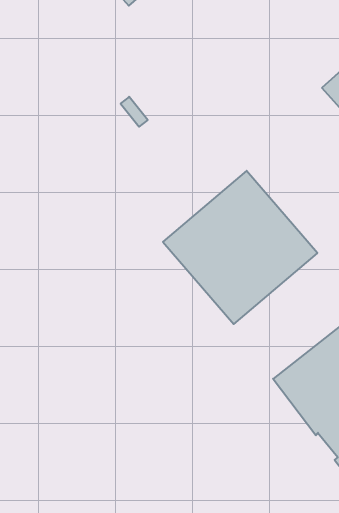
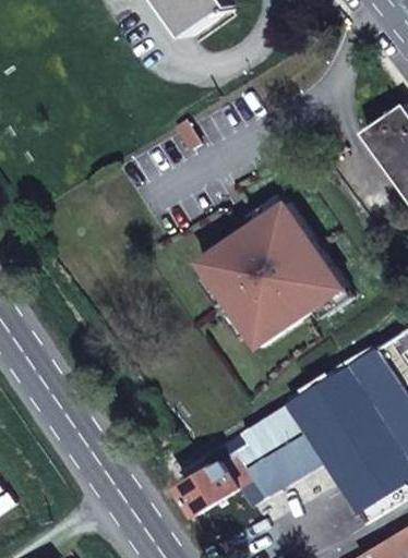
building: none -> [180,403,322,512]

